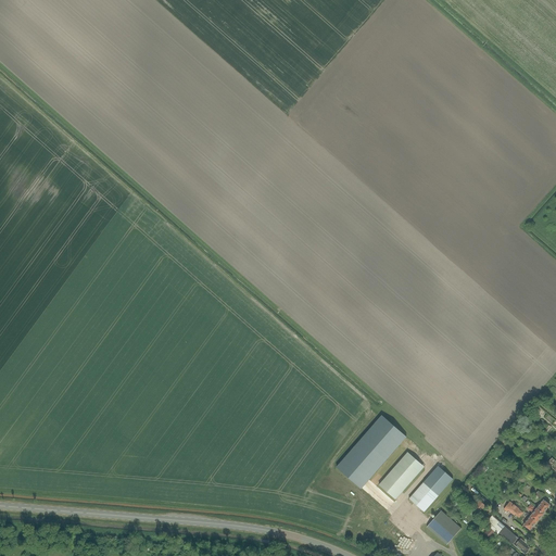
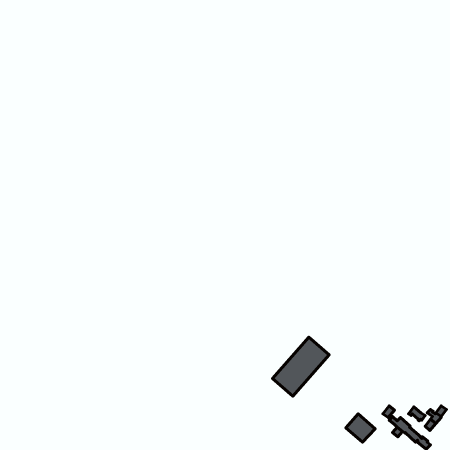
building: [382,450,428,497] -> none
building: [407,465,452,511] -> none

